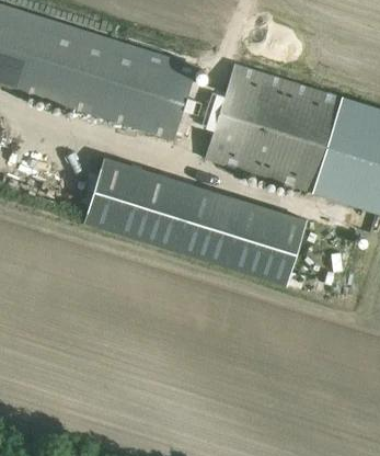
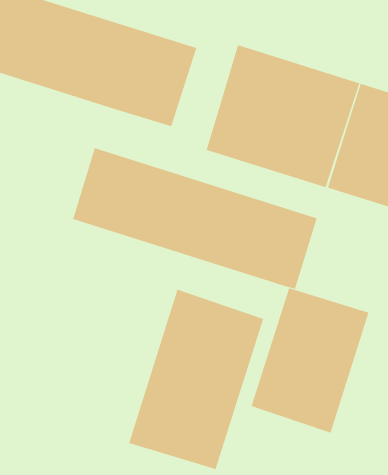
building: none -> [251,288,369,434]
building: none -> [128,289,264,470]

